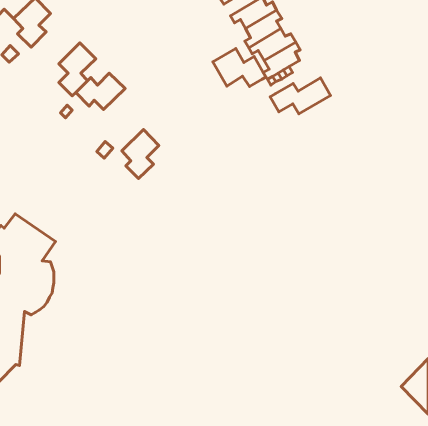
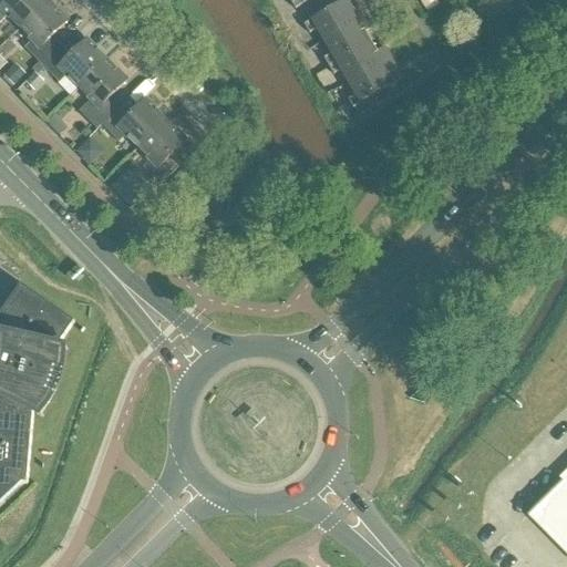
building: none -> [41,37,105,84]
building: [213,48,266,87] -> none
building: [270,78,331,114] -> none
building: [122,130,159,178] -> [136,116,185,181]

